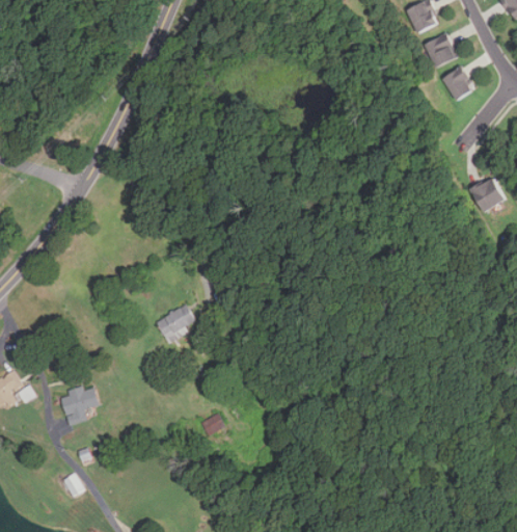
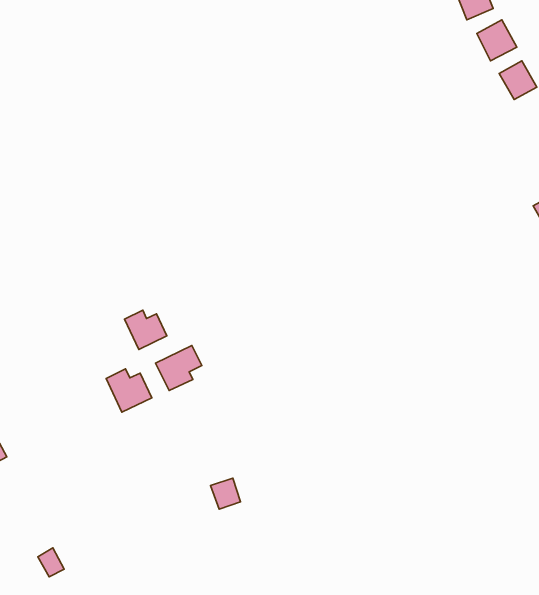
building: none -> [124,310,167,350]
building: none -> [106,369,152,412]
building: [60,383,102,420] -> none

